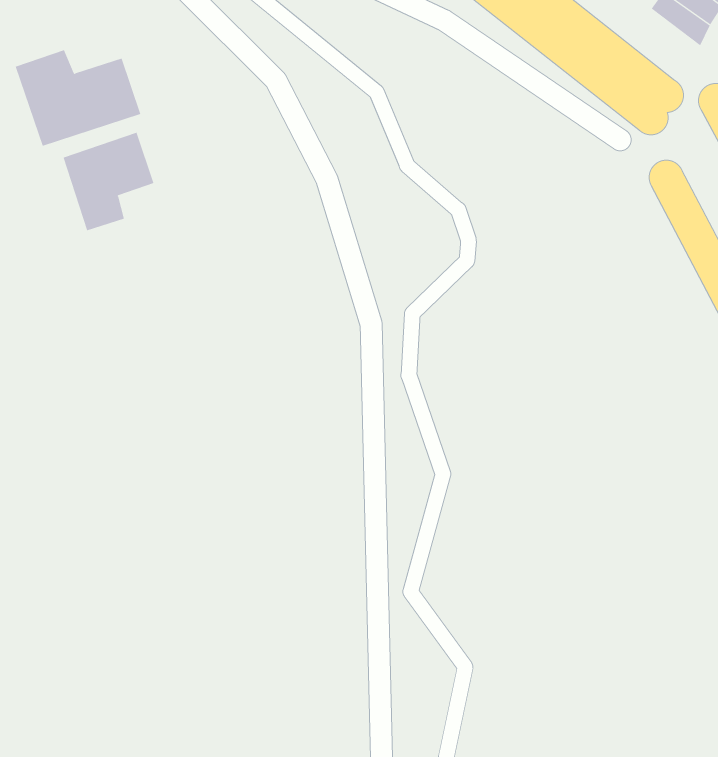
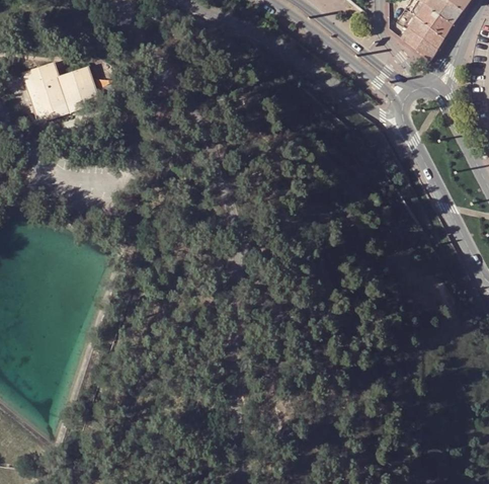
building: [63,132,154,231] -> none

